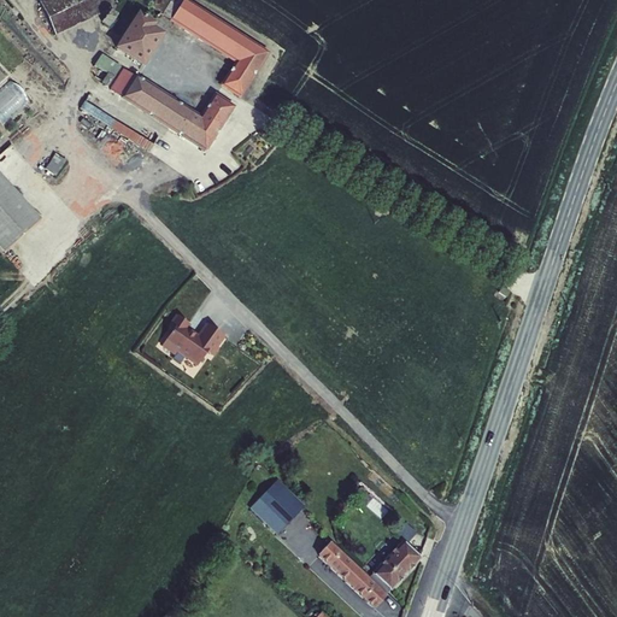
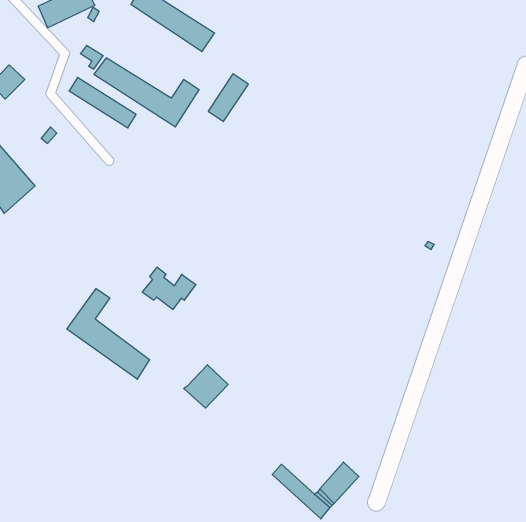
building: [113,12,163,63] -> none
building: [222,39,269,94] -> [208,74,248,121]
building: none -> [67,289,150,379]
building: [251,478,302,529] -> [184,365,228,408]

